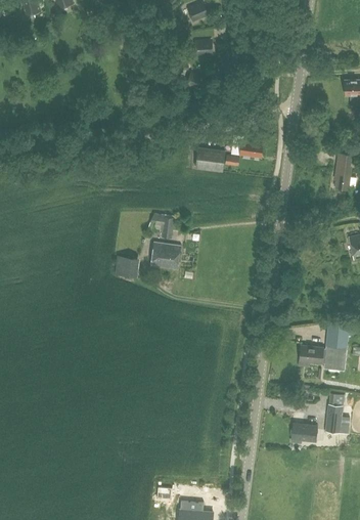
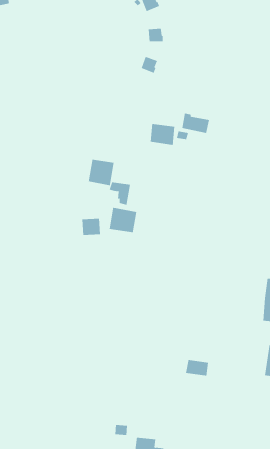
building: none -> [88,159,114,186]
building: [299,345,322,366] -> none
building: [290,423,317,441] -> [185,360,209,376]

